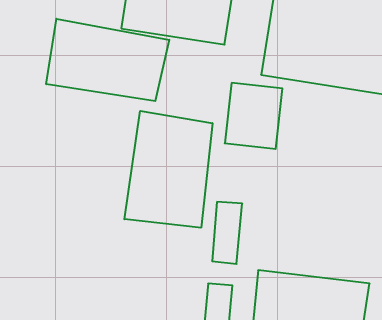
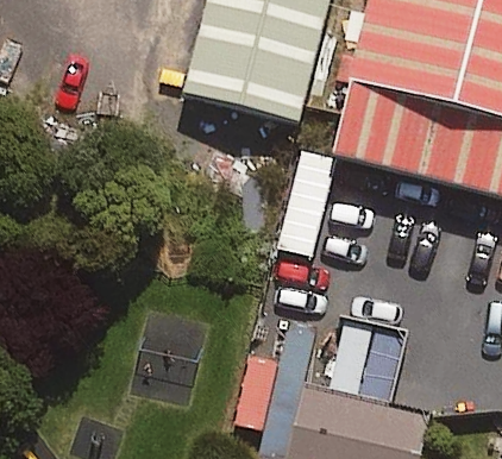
building: [46,19,169,101] -> none
building: [124,111,212,228] -> none

